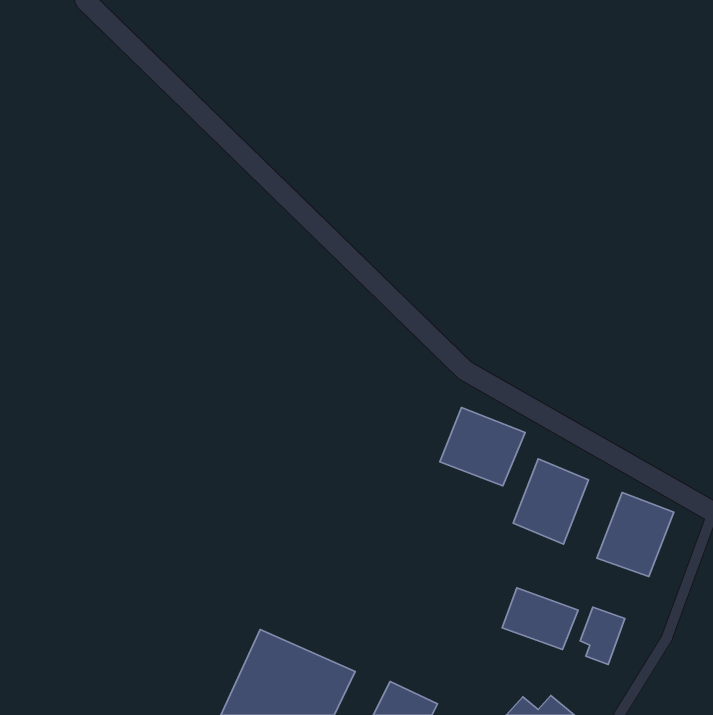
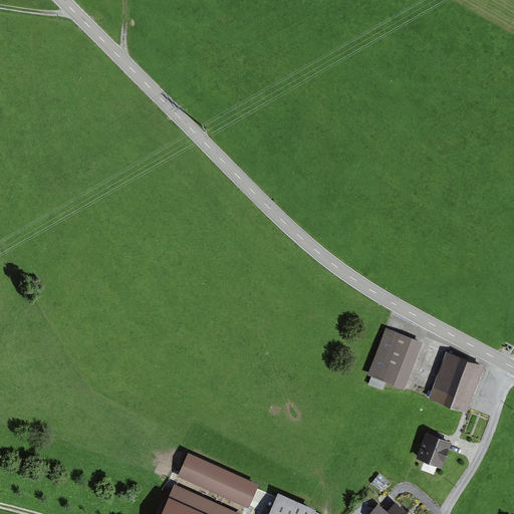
building: [440,407,525,486] -> none
building: [502,588,578,649] -> none

